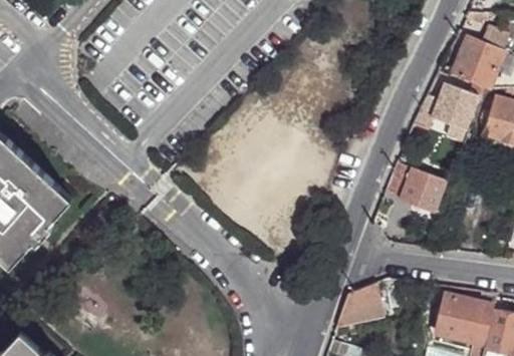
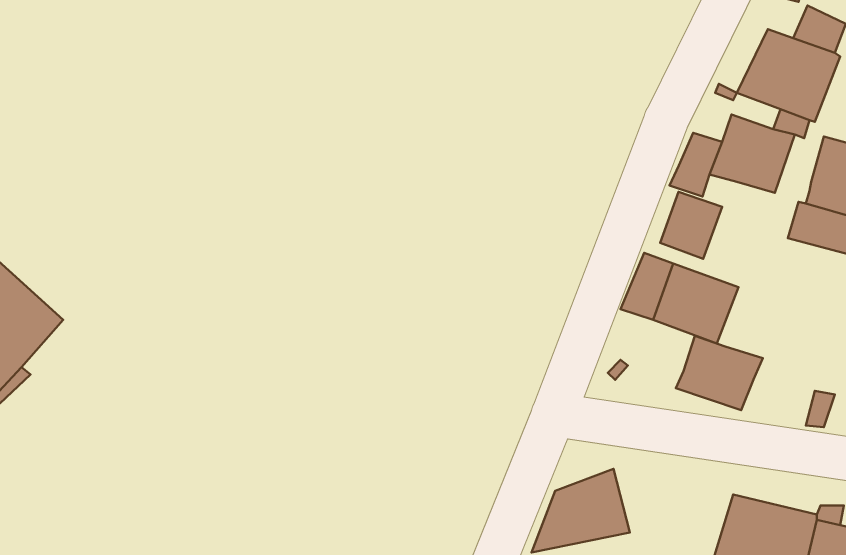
building: none -> [660,192,722,259]
building: none -> [676,336,763,410]

